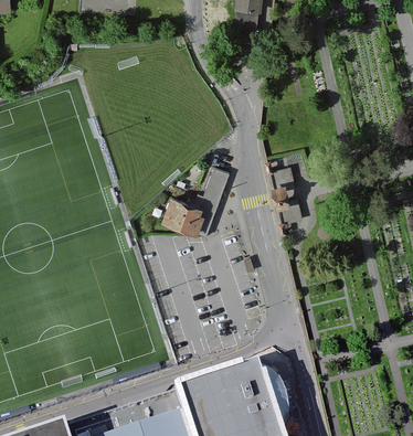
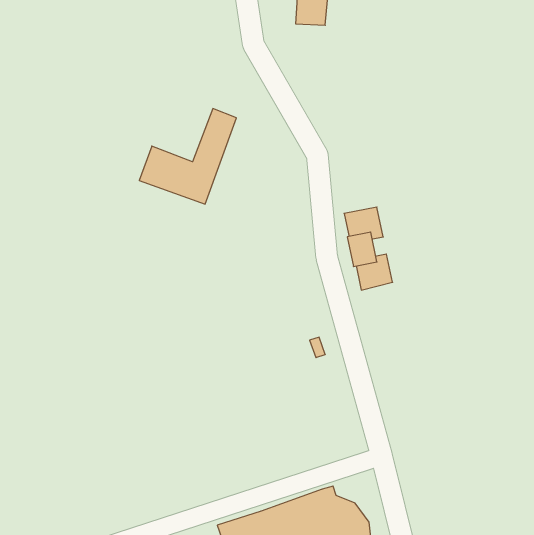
building: [159,169,227,236] -> [139,109,236,204]

